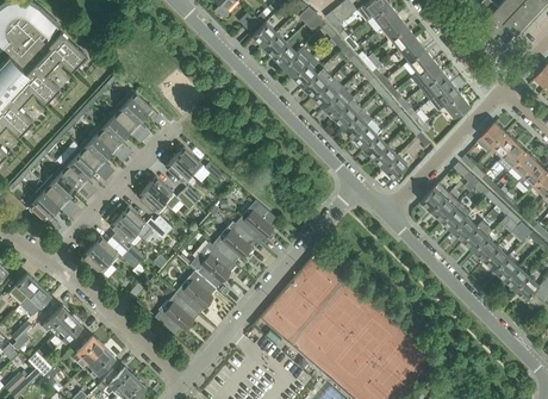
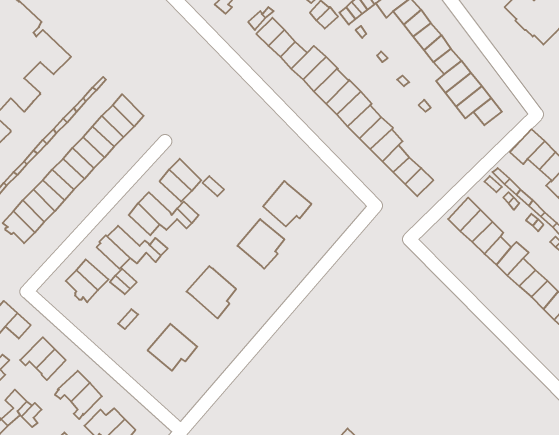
building: [213,223,256,263] -> [263,181,311,226]
building: [175,270,217,314] -> none

